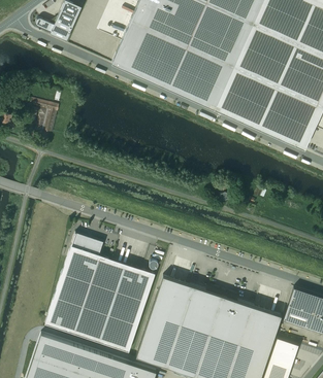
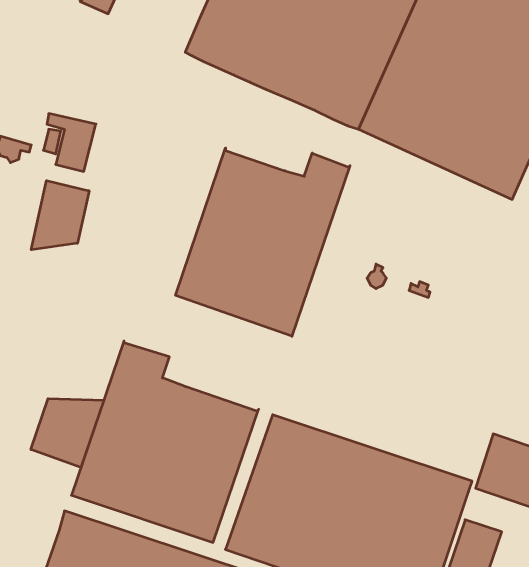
building: none -> [176,148,350,336]
building: none -> [31,181,89,250]
building: none -> [31,399,104,467]

